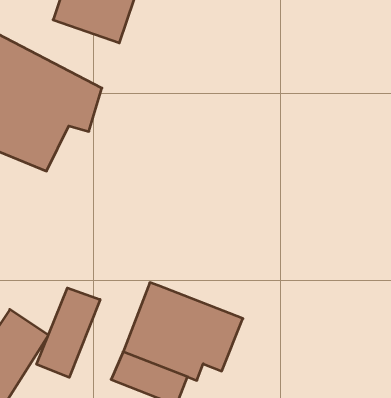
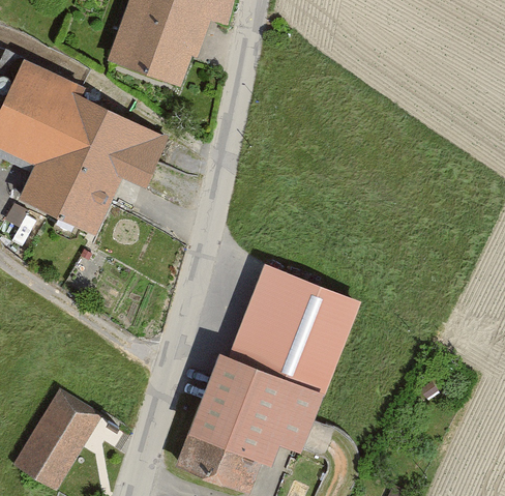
building: none -> [227,266,358,397]
building: [37,288,100,377] -> none

